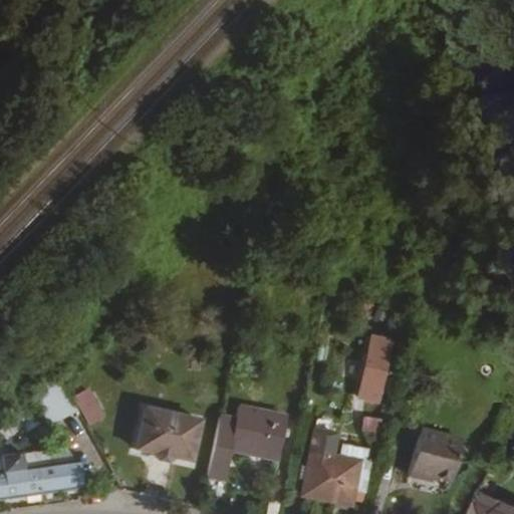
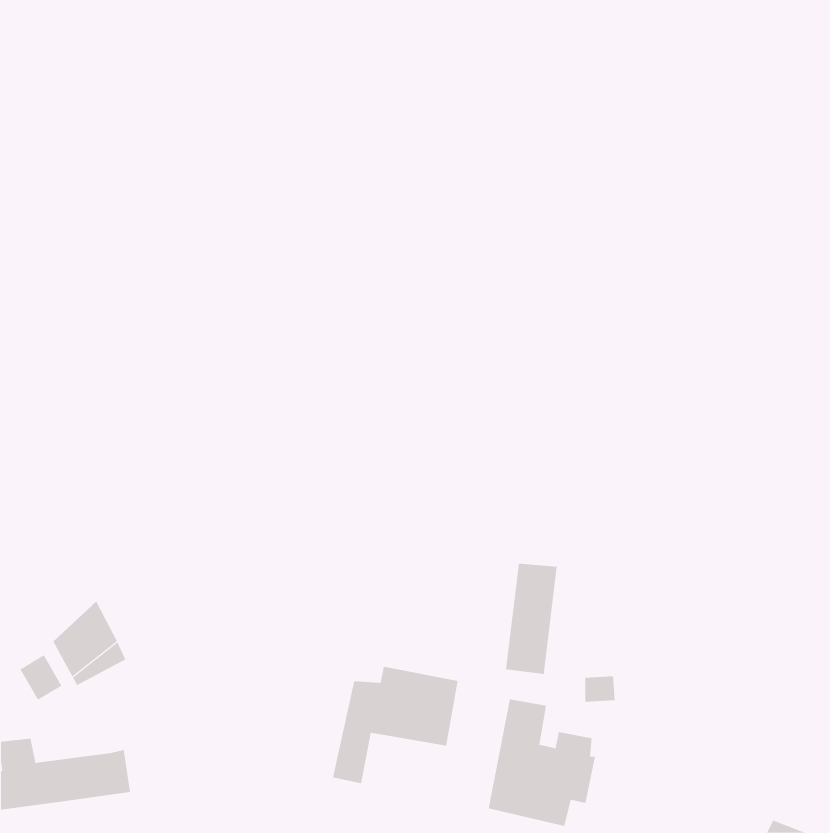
building: [356,332,389,401] -> [505,563,558,674]
building: [136,409,201,463] -> none
building: [409,429,460,480] -> none

